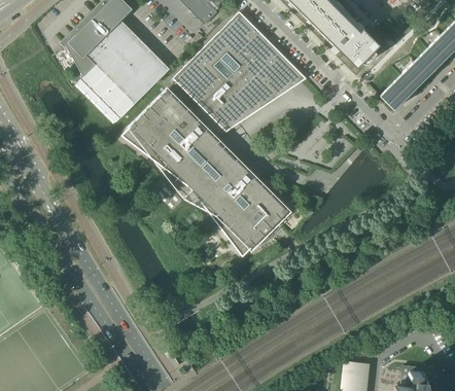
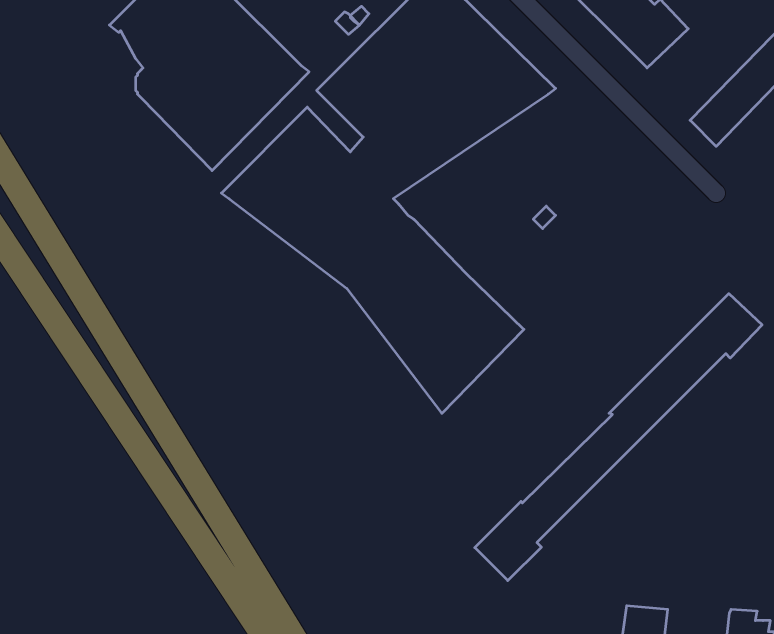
building: none -> [475,294,762,581]

